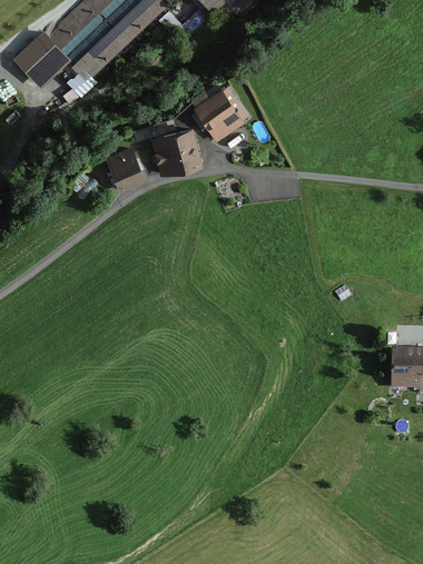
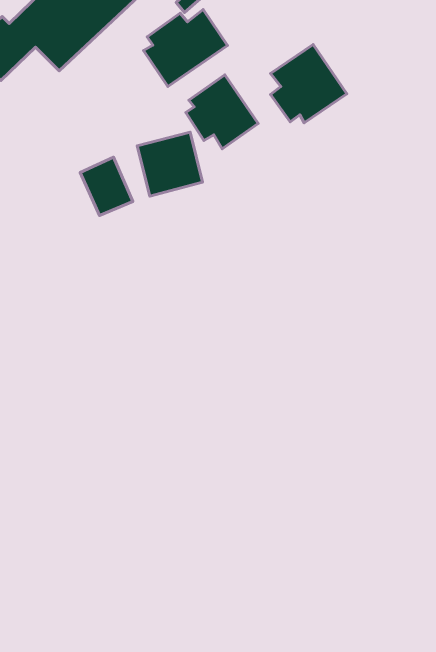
building: none -> [143,10,228,87]
building: none -> [270,44,347,123]

